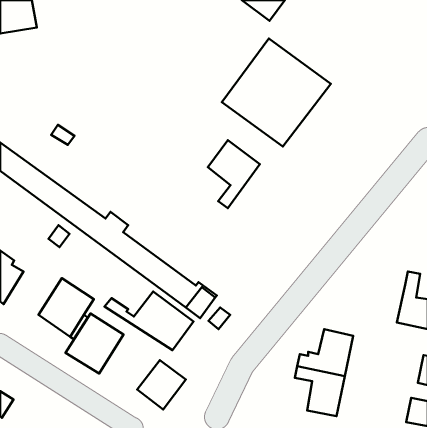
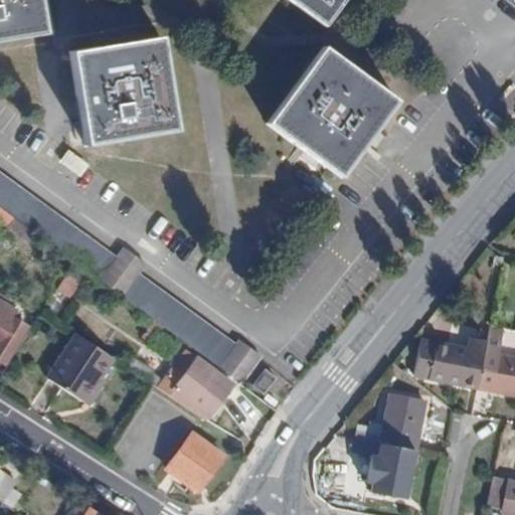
building: none -> [72,37,176,145]
building: [208,140,260,208] -> none
building: none -> [414,338,488,387]
building: [65,313,123,374] -> none

